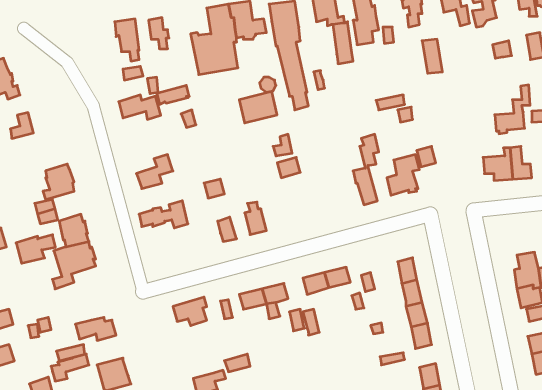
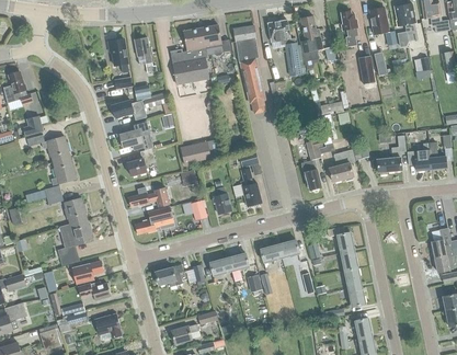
building: [495,85,530,134] -> [376,135,404,174]
building: [239,92,277,123] -> [180,141,210,167]
building: none -> [117,121,148,151]
building: none -> [25,135,69,162]
building: none -> [240,168,261,206]
building: none -> [133,207,172,233]
building: [16,235,55,263] -> [70,261,102,284]

